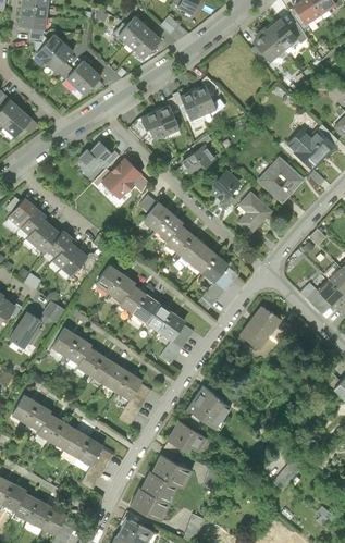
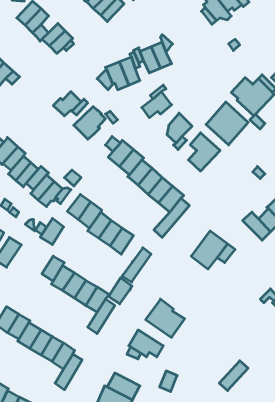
building: [158,310,185,341] -> [109,278,132,304]
building: [51,324,78,355] -> [40,218,64,245]
building: [152,453,193,486] -> none

